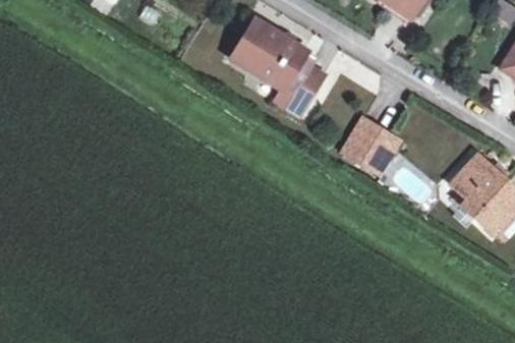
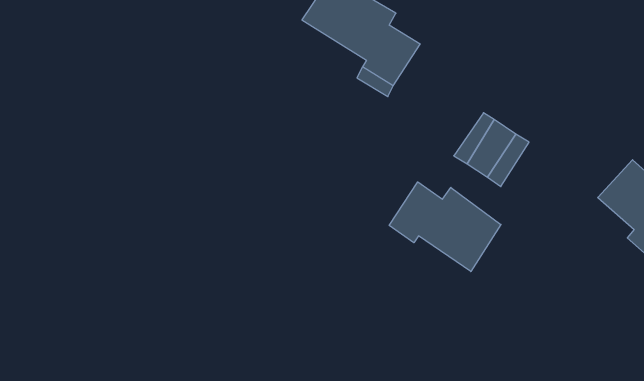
building: none -> [389,182,501,272]

